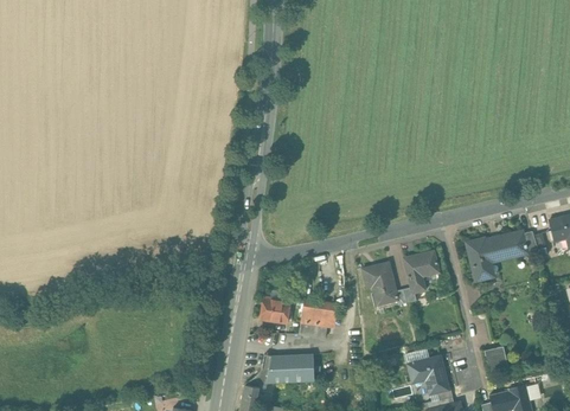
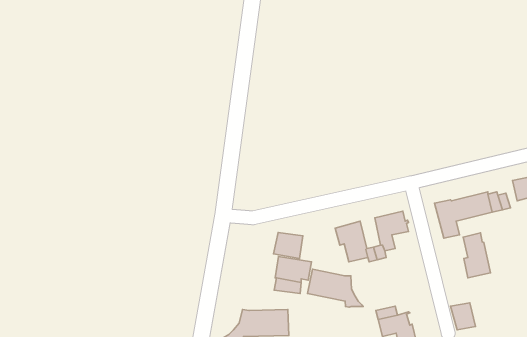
building: none -> [463,233,491,278]
building: [260,296,290,323] -> [274,232,303,258]
building: none -> [307,269,363,307]

